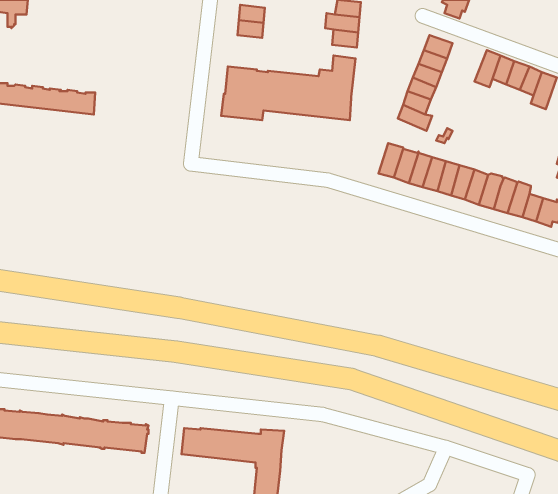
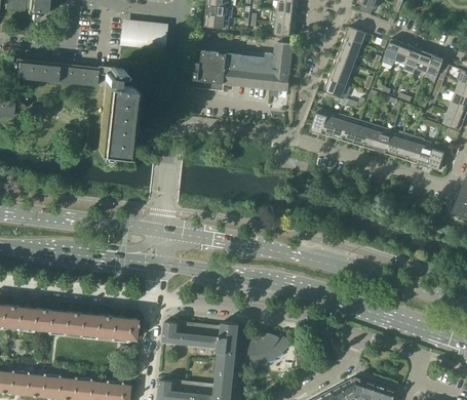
building: none -> [121,22,163,48]
building: none -> [101,64,131,154]
building: none -> [236,332,289,365]

